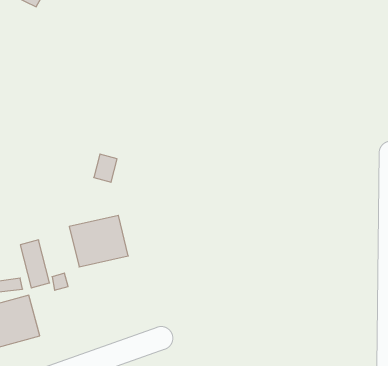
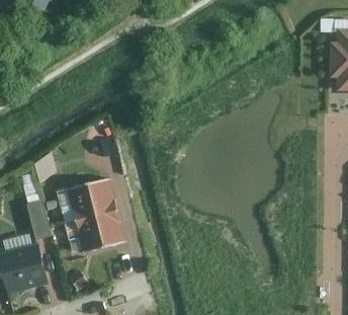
building: none -> [78,216,125,256]

